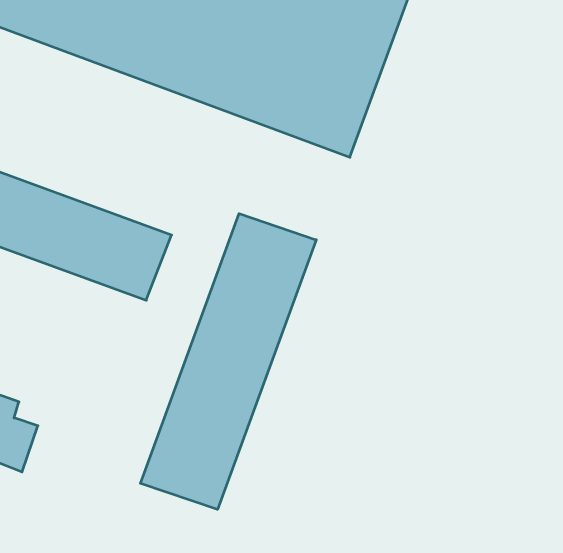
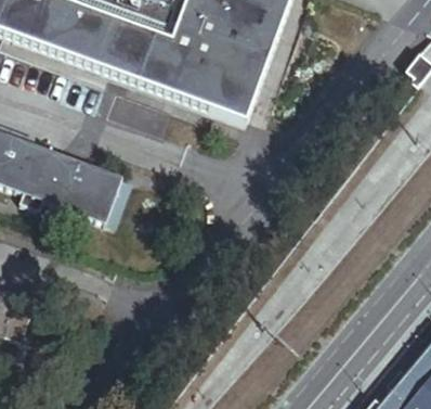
building: [140,214,316,509] -> none

